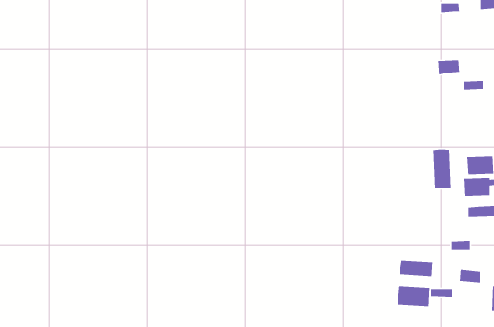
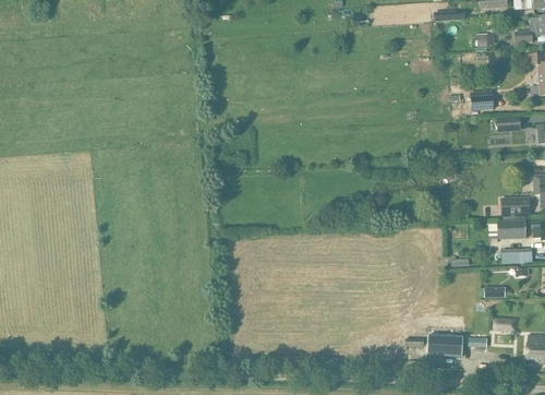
building: [433,149,451,189] -> none
building: [399,260,433,277] -> none

